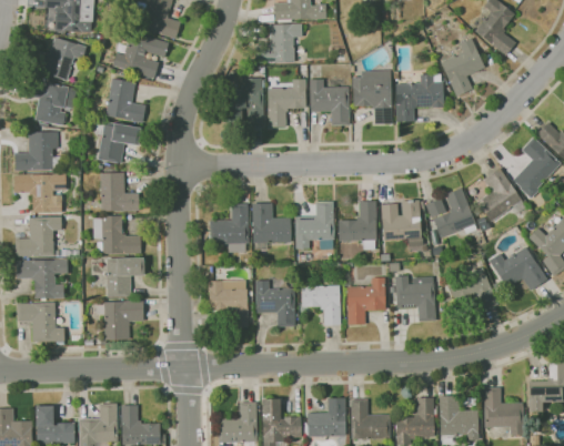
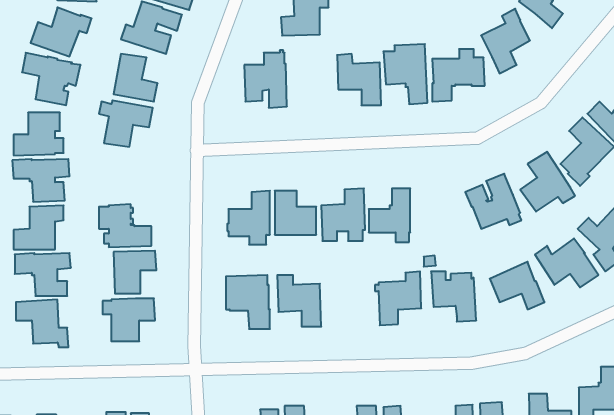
building: [268,79,306,128] -> none
building: [101,172,140,212] -> none
building: [382,200,422,245] -> none
building: [302,285,341,325] -> none

